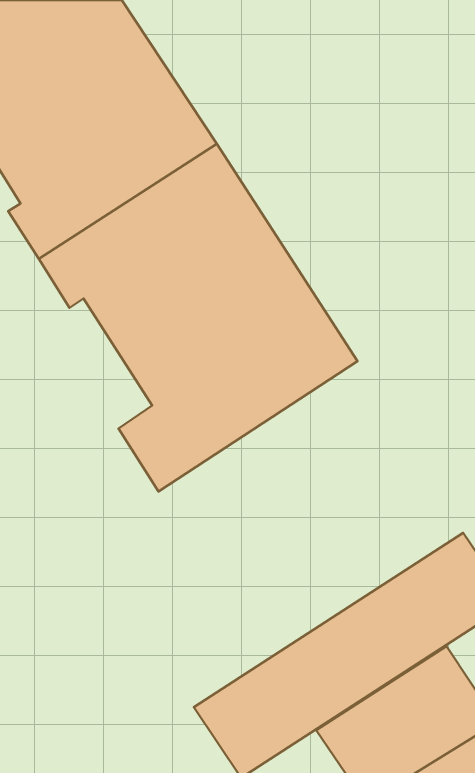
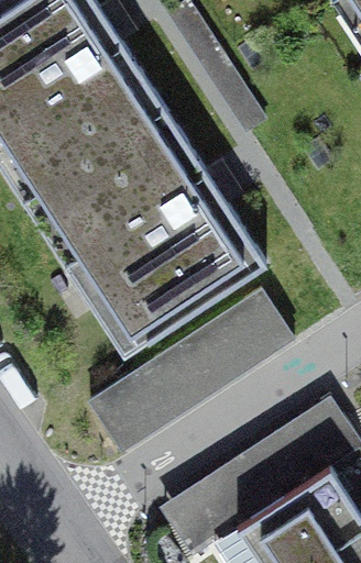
building: none -> [75,285,303,462]

